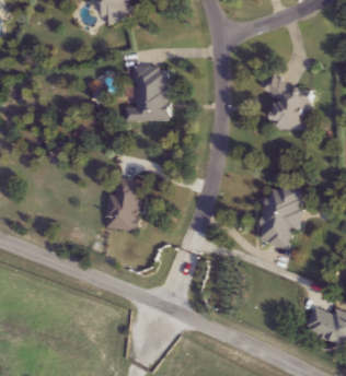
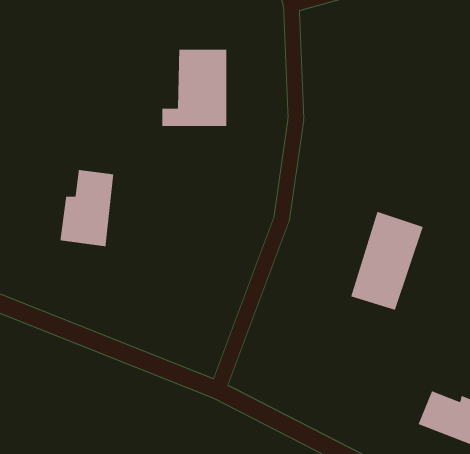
building: [268,84,308,130] -> none
building: [104,177,142,232] -> [59,169,114,247]

